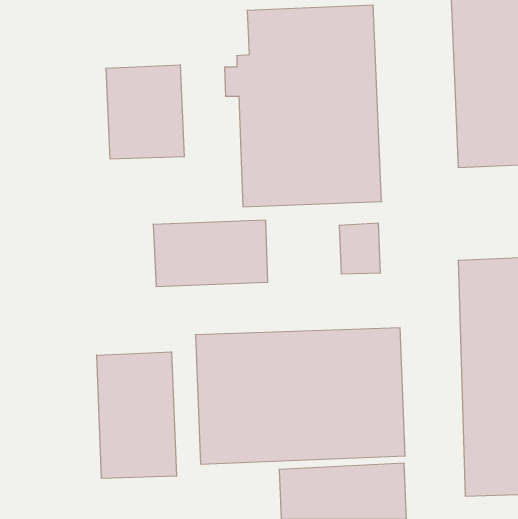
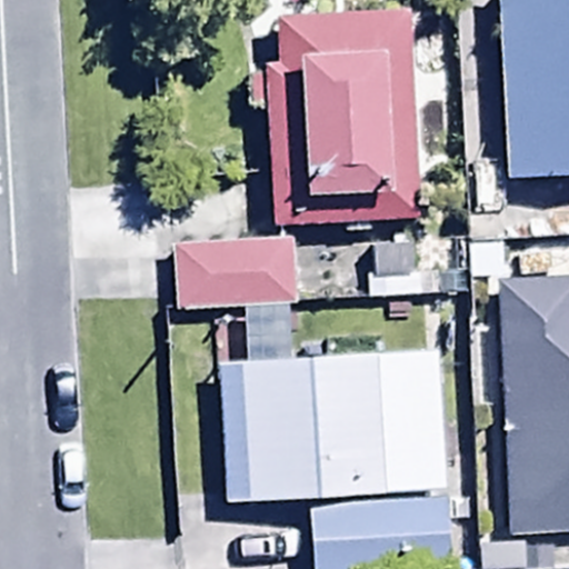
building: [106,65,184,159] -> none
building: [97,352,176,478] -> none

